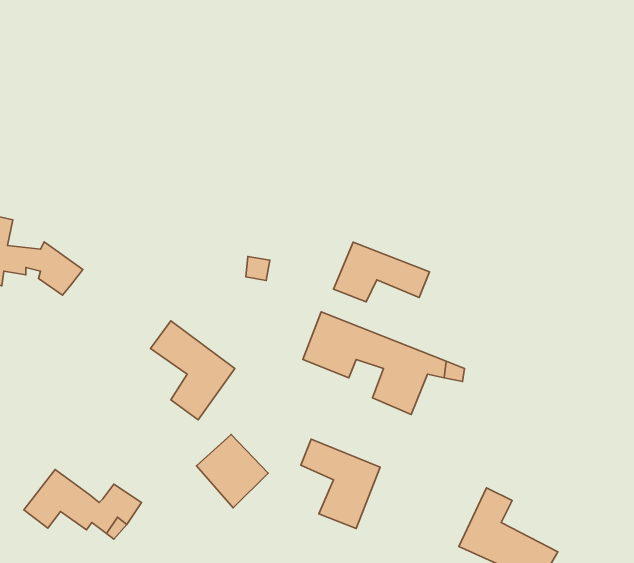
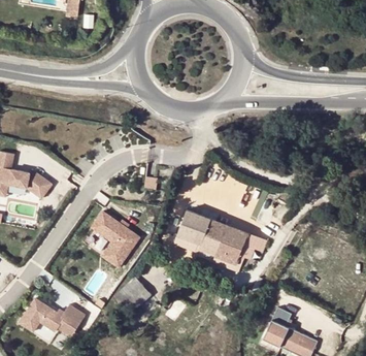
building: [334,242,429,302] -> none
building: [301,439,380,529] -> none

